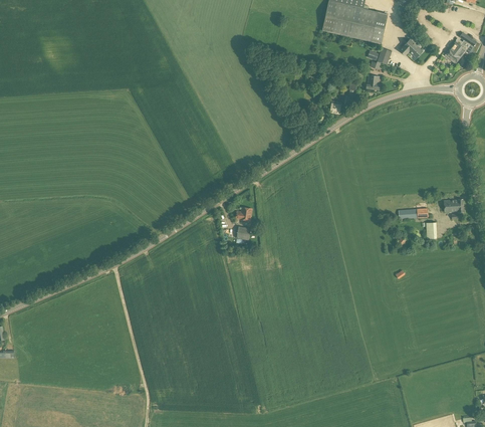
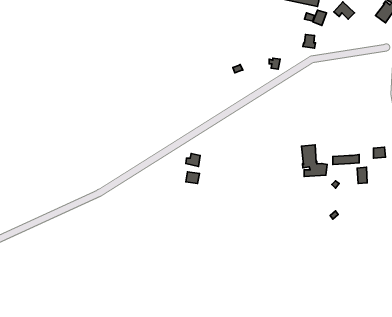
building: none -> [301,145,327,176]

